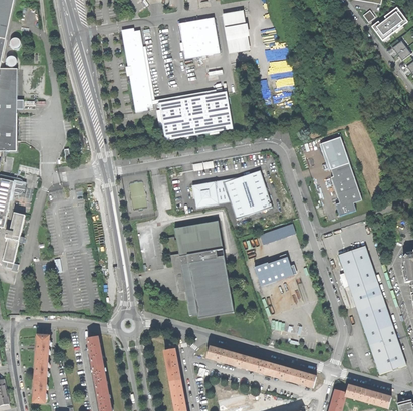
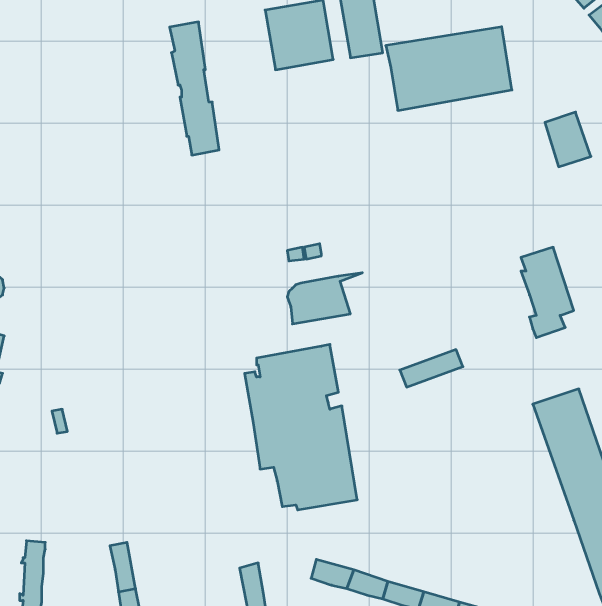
building: [157,90,232,139] -> [386,27,512,110]
building: [321,135,348,167] -> [545,112,591,167]
building: [223,169,271,218] -> none
building: [253,253,295,285] -> none

